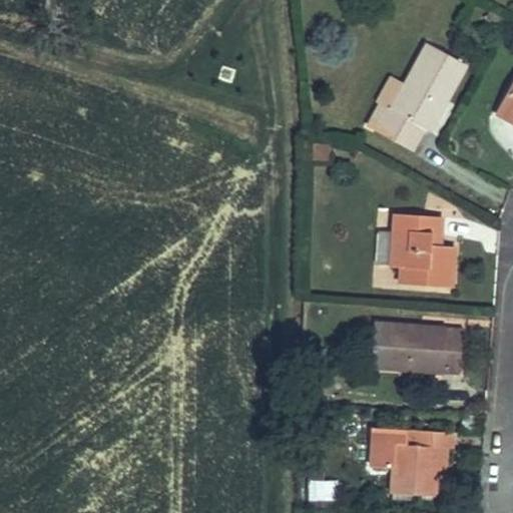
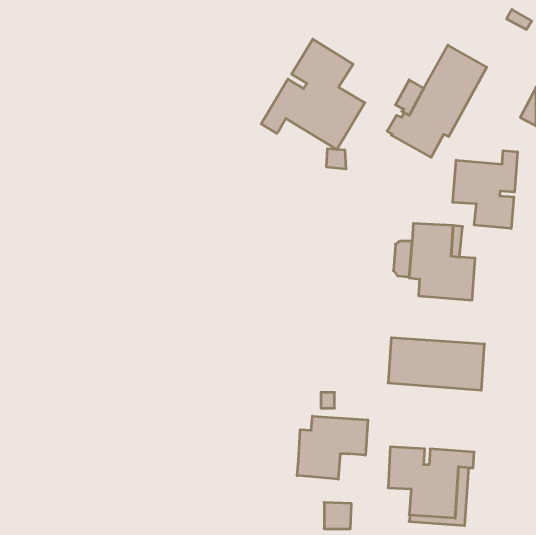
building: none -> [261,39,365,150]
building: none -> [453,151,517,229]
building: none -> [297,416,368,479]

